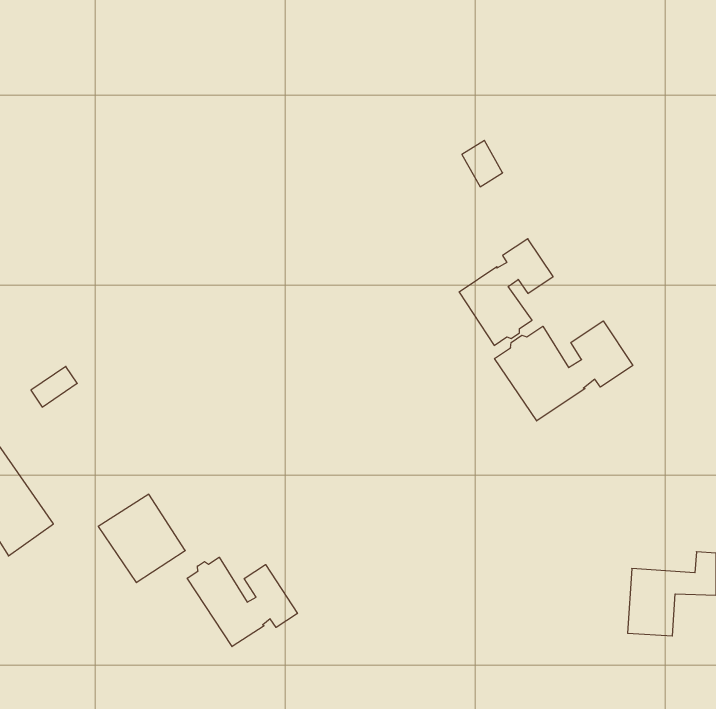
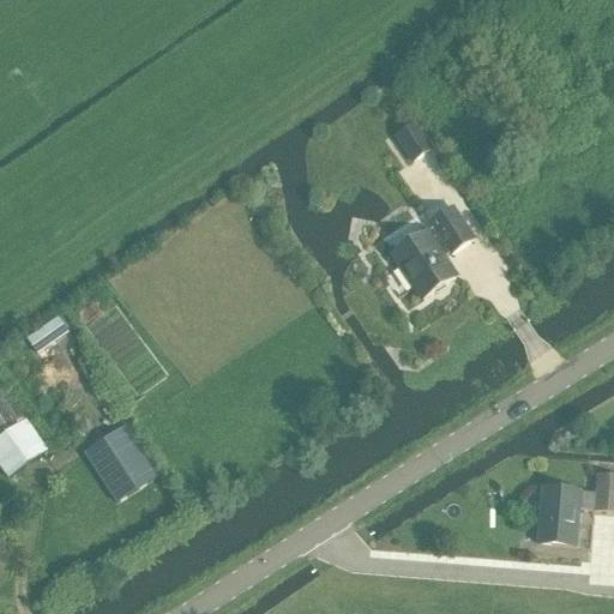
building: [495,321,633,421] -> none
building: [187,557,297,647] -> none

